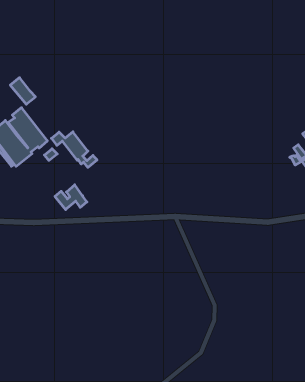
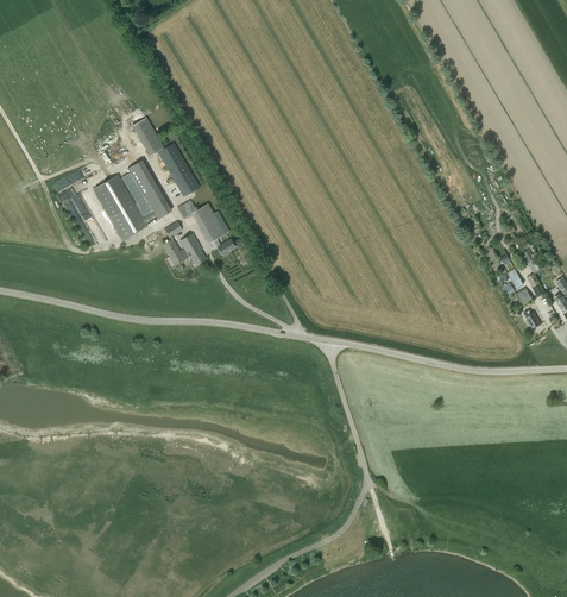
building: none -> [158,143,200,196]
building: [55,185,87,210] -> [163,233,206,265]

